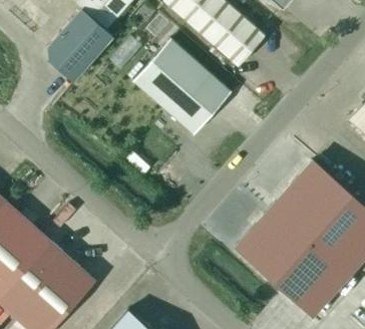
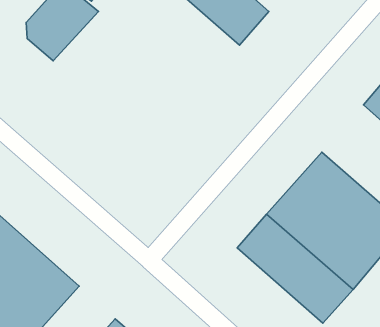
building: [133,38,232,134] -> none

